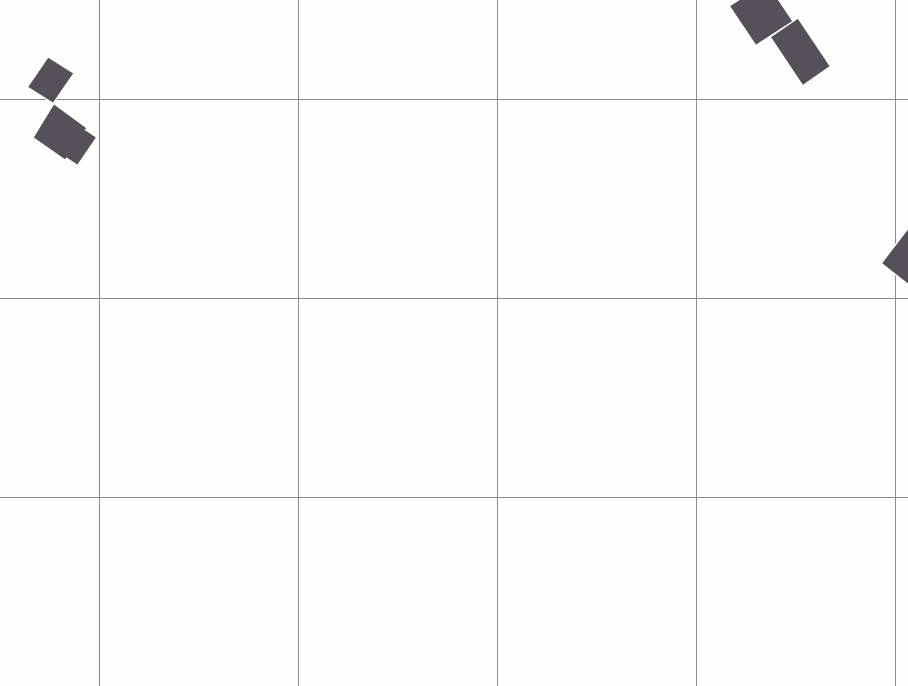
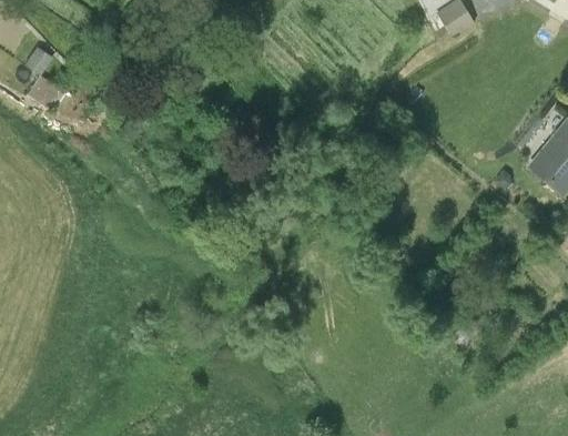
building: [770,18,830,86] -> none

